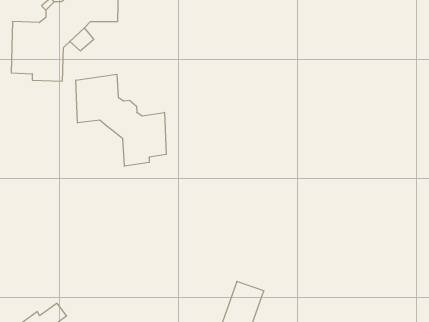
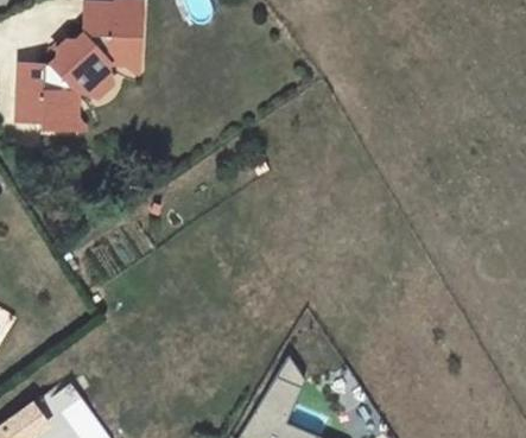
building: [76,74,166,166] -> none

